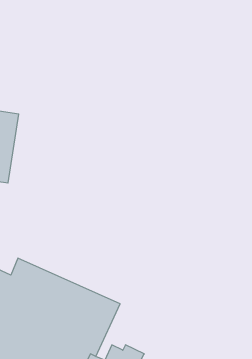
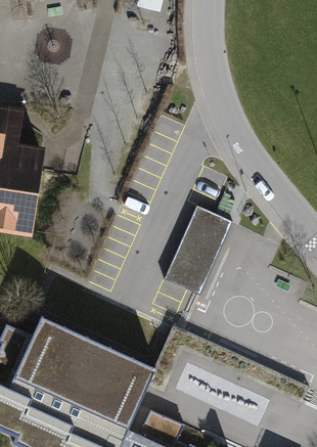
building: none -> [165,206,224,290]

